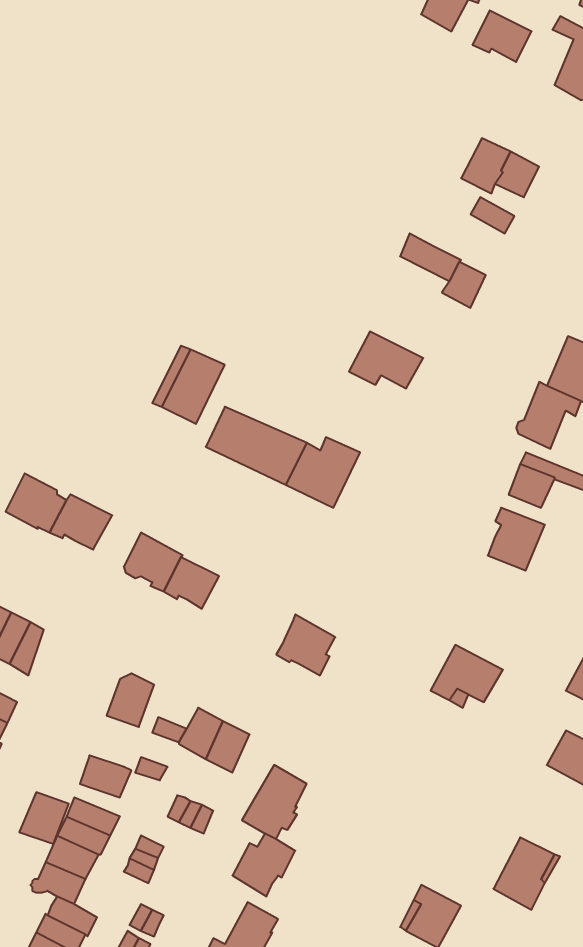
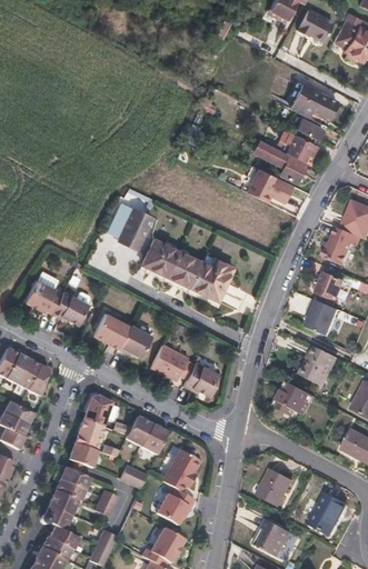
building: none -> [276,129,312,161]
building: [349,331,423,389] -> [249,169,292,202]
building: none -> [150,345,193,379]
building: none -> [299,347,336,383]
building: [19,792,69,844] -> [74,420,103,450]
building: none -> [256,467,291,505]

